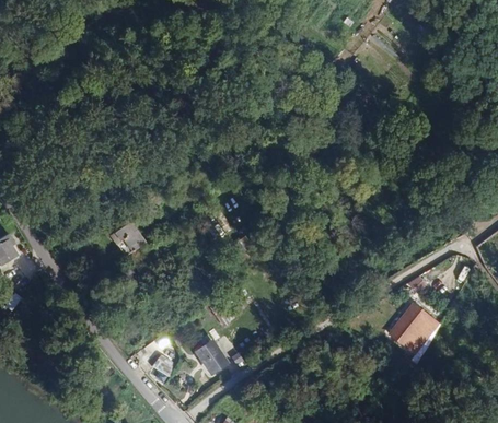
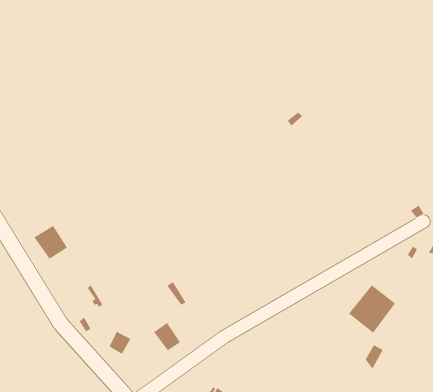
building: [111,220,144,254] -> [34,225,68,260]

